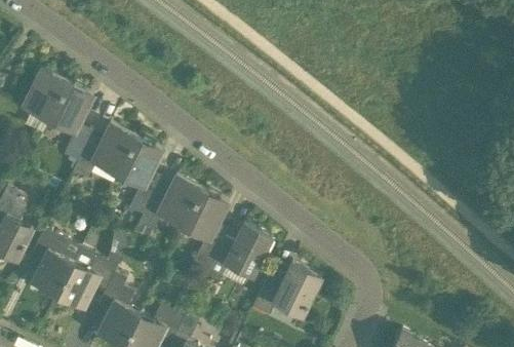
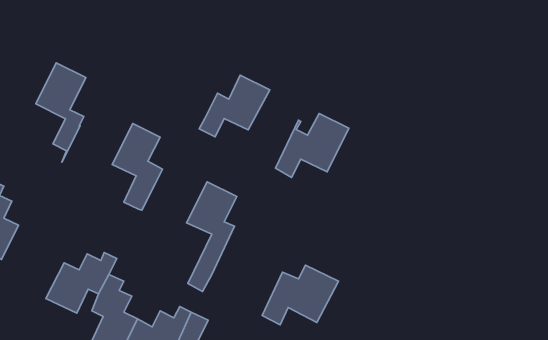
building: [23,71,67,120] -> none
building: [72,124,135,179] -> none
building: [139,177,202,232] -> [199,75,270,137]
building: [206,224,272,281] -> [276,113,349,177]
building: [30,230,81,295] -> none

